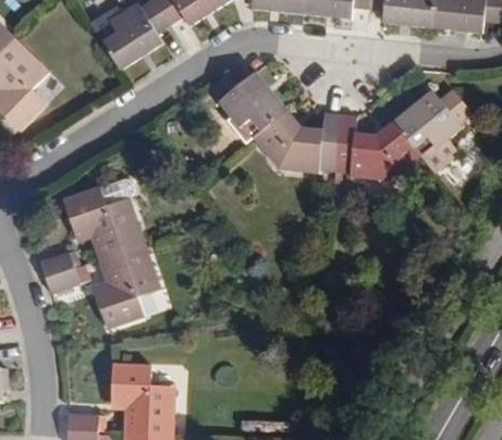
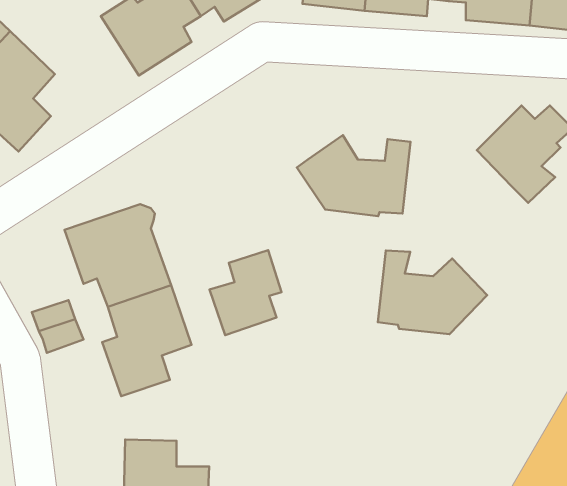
building: [210,70,285,136] -> none
building: [333,122,421,190] -> [378,250,487,334]
building: none -> [209,250,282,335]

